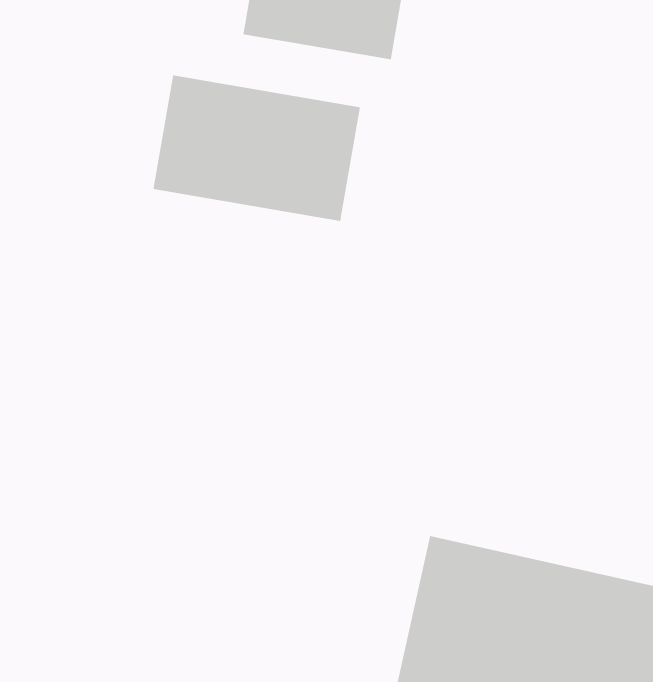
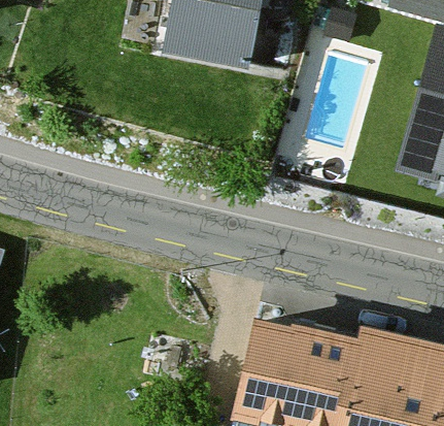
building: [152,74,361,222] -> none

